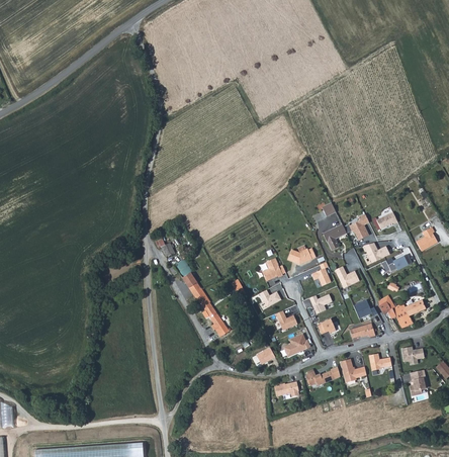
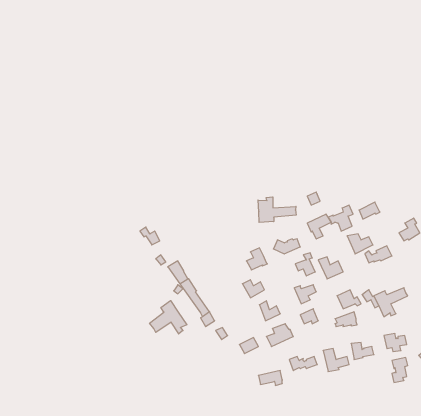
building: none -> [258,197,296,222]
building: none -> [150,301,187,334]

